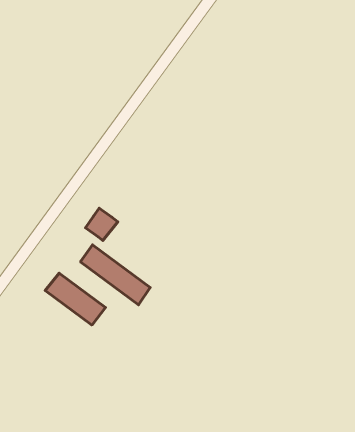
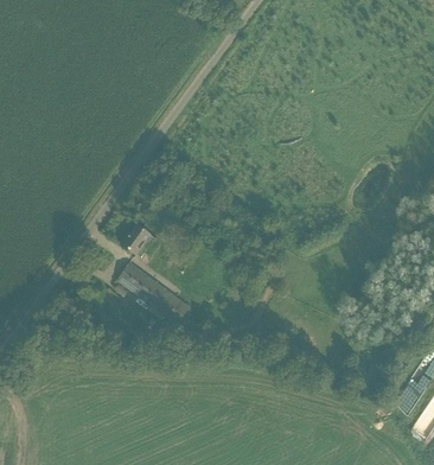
building: [45,273,105,325] -> none

